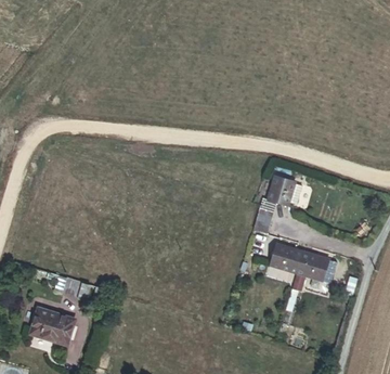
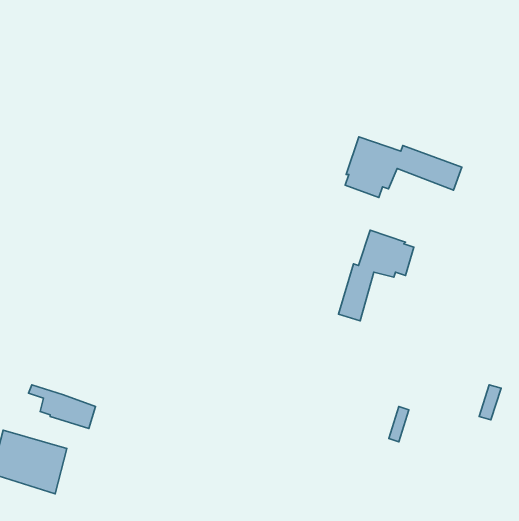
building: none -> [345,137,462,198]
building: [269,244,334,282] -> none

